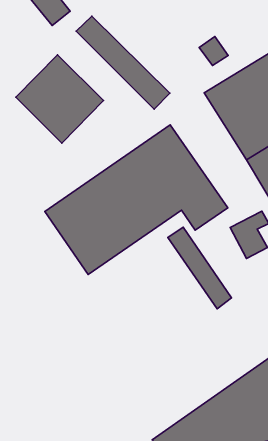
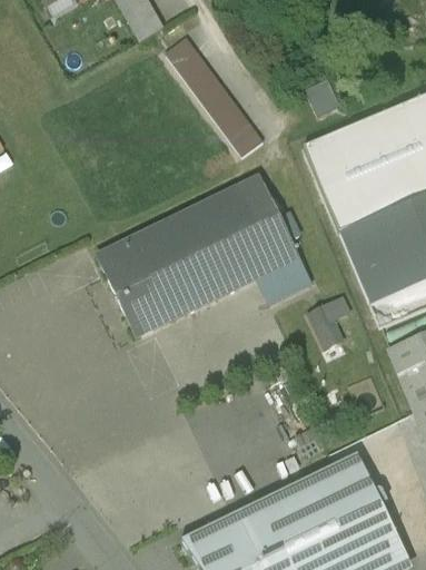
building: [16,55,104,143] -> none
building: [168,227,232,309] -> none

